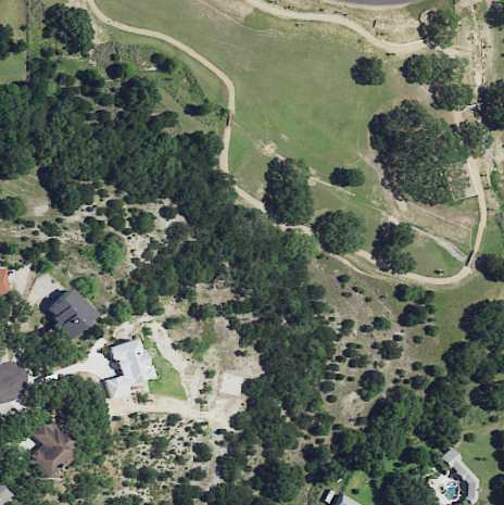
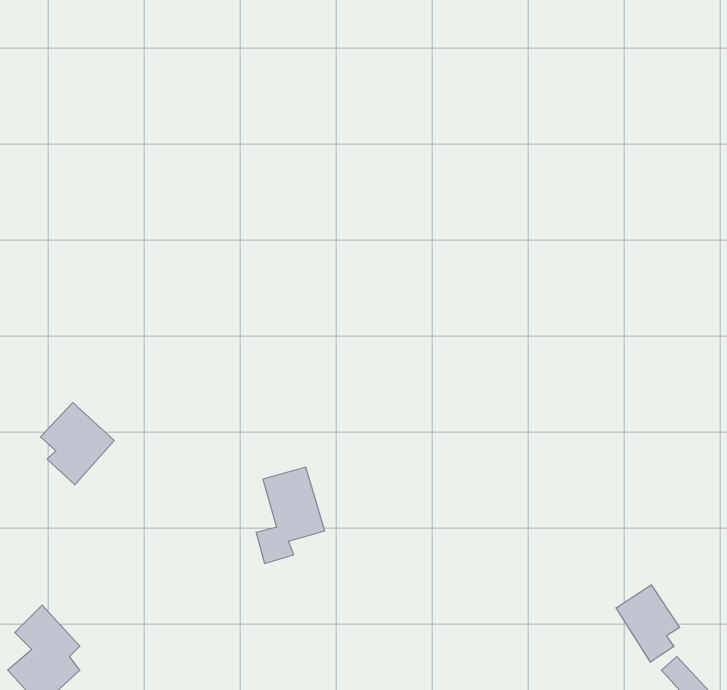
building: [108,338,151,399] -> [256,467,325,563]
building: none -> [616,585,680,662]

